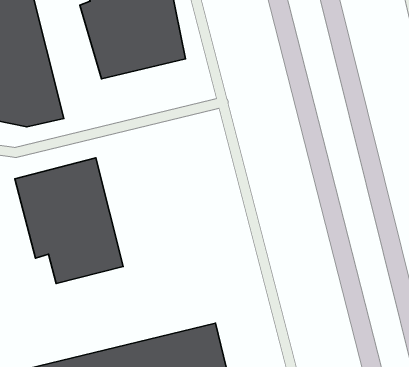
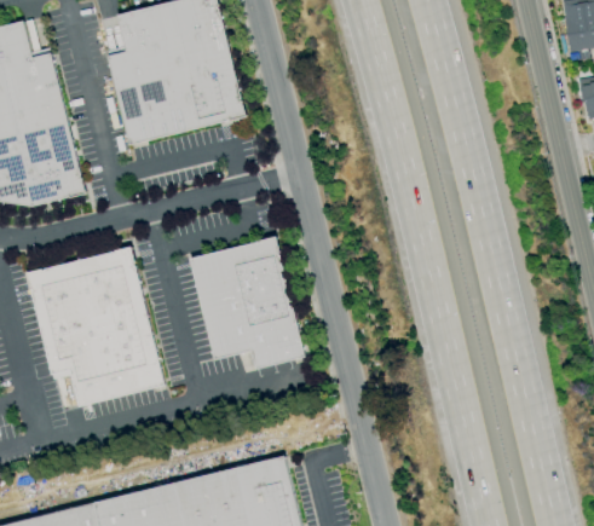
building: none -> [189,239,305,370]

